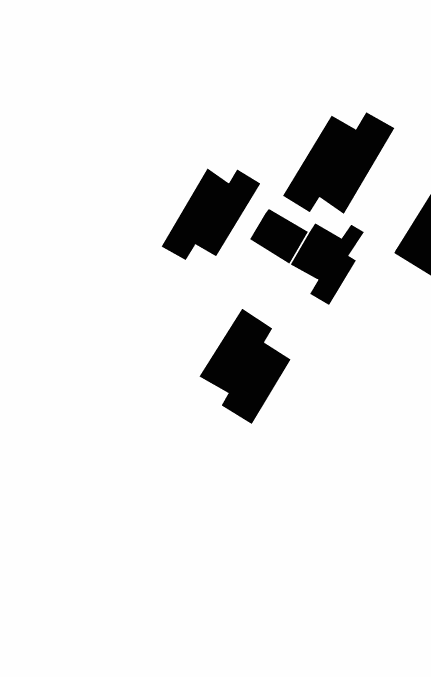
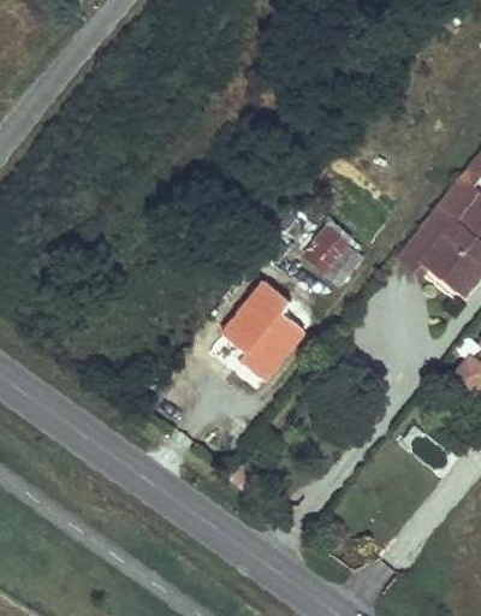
building: [282,112,395,215] -> none
building: [161,168,261,261] -> none

